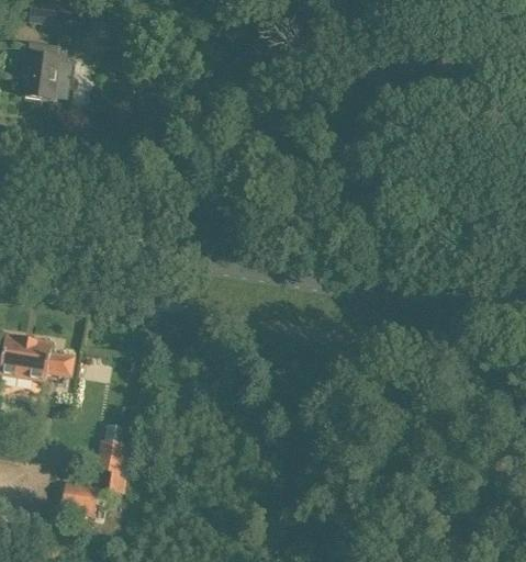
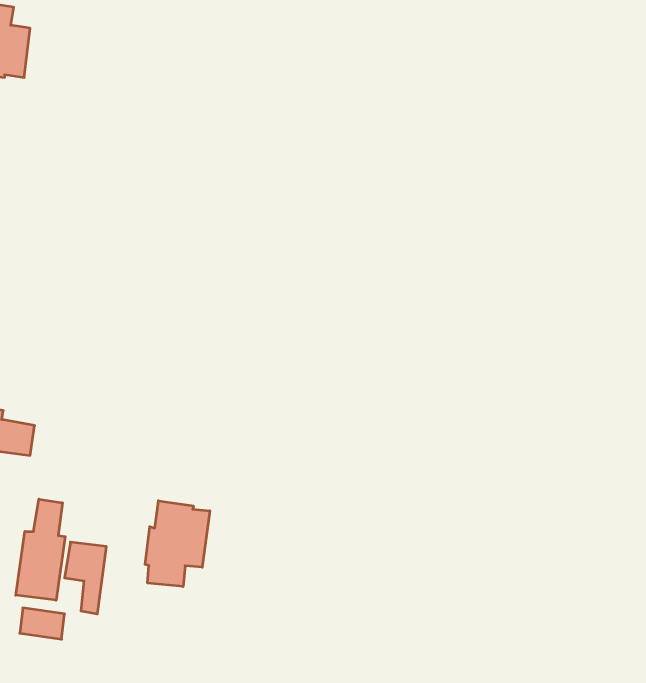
building: none -> [16,499,65,600]
building: none -> [145,501,210,587]

